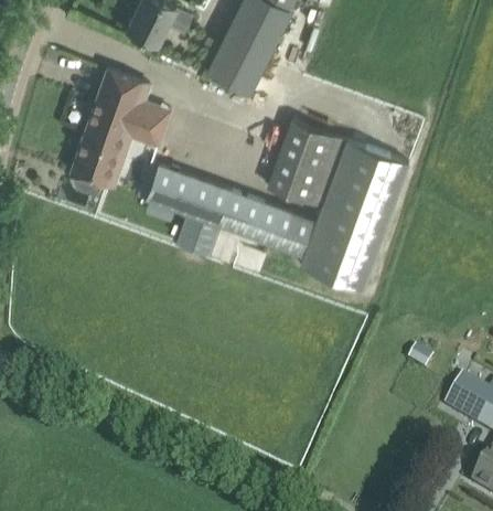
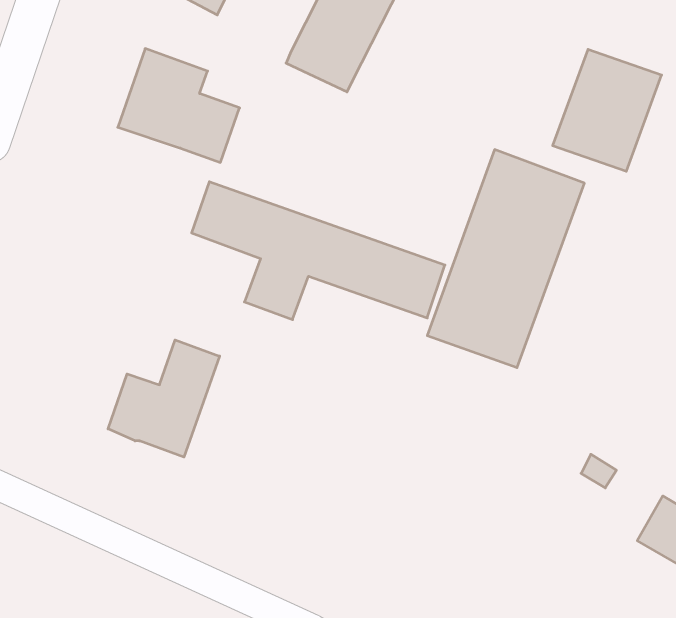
building: [267,120,342,204] -> [553,49,662,171]
building: [71,123,130,192] -> none
building: none -> [108,340,220,457]

